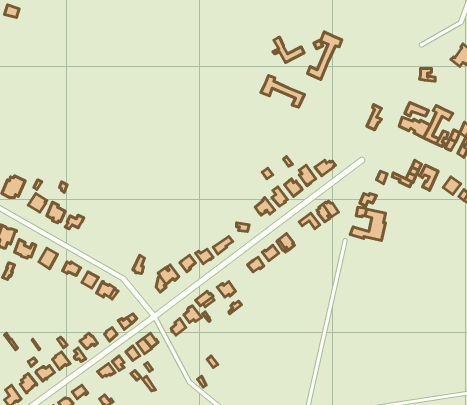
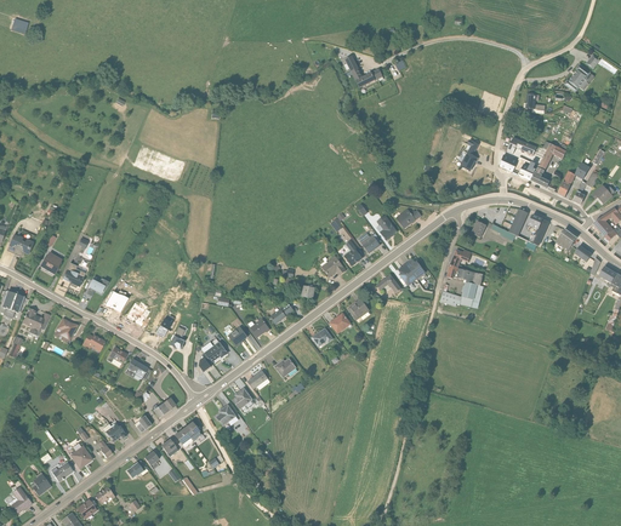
building: [308,32,342,80] -> none
building: [261,76,304,107] -> none

